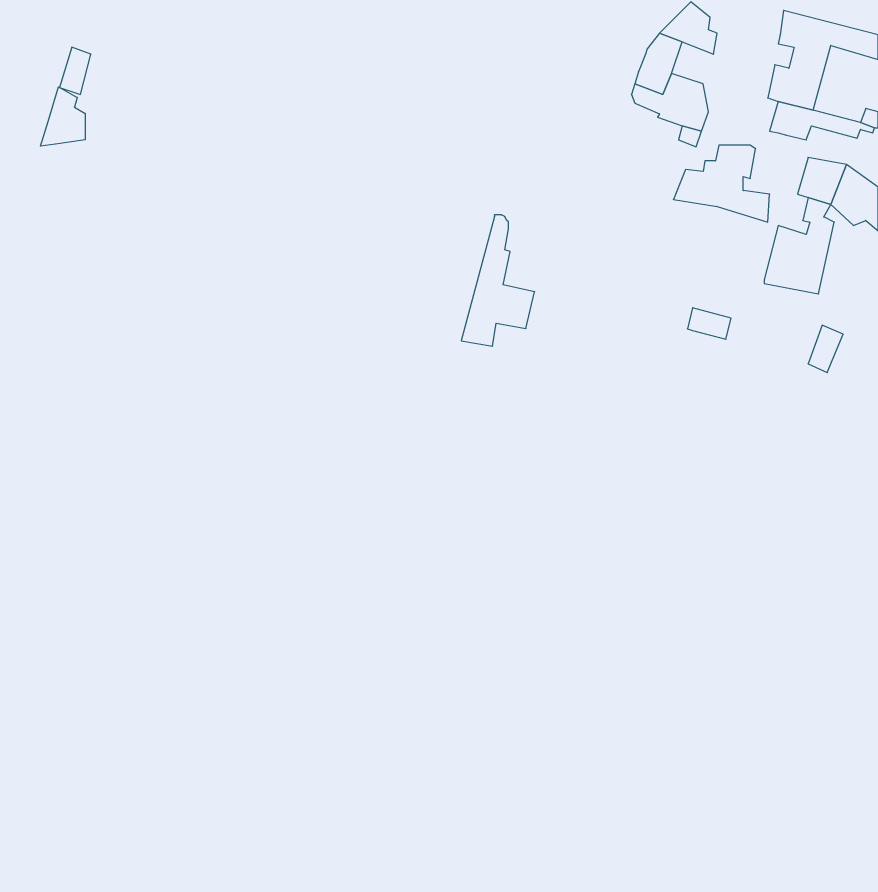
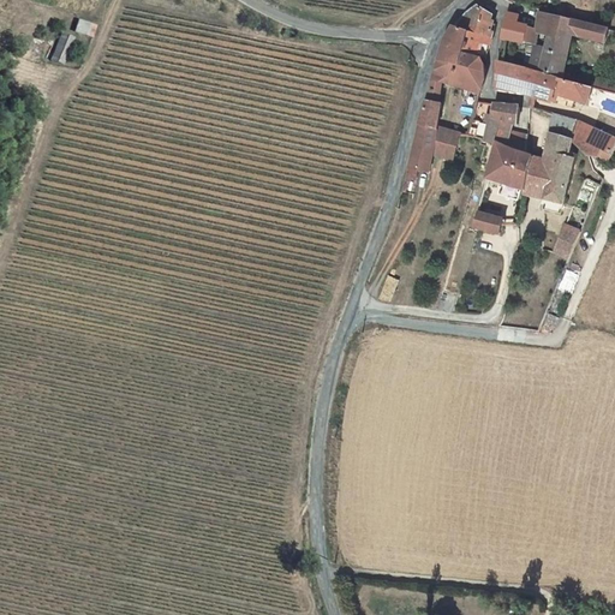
building: none -> [502,10,536,42]
building: none -> [461,30,490,59]
building: none -> [498,60,535,91]
building: [40,87,85,146] -> none
building: none -> [484,143,535,193]
building: [461,215,535,346] -> [406,80,456,171]

